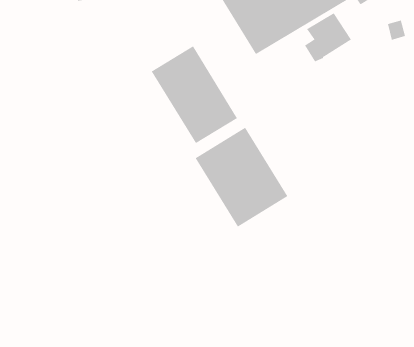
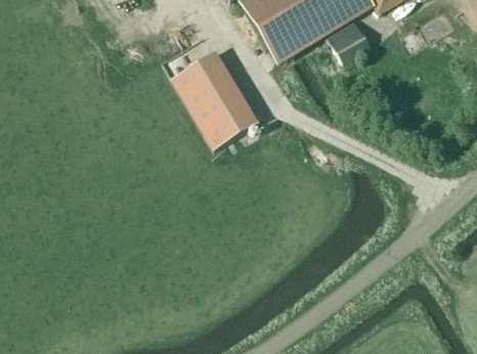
building: [195,127,288,228] -> none

